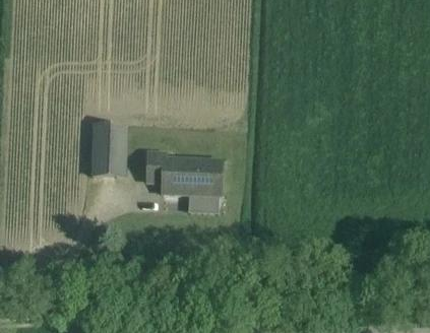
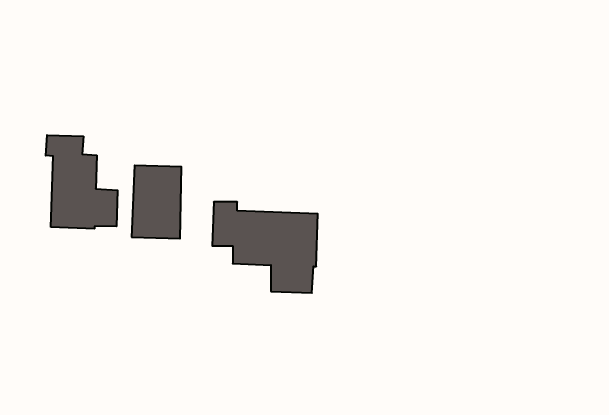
building: none -> [46,135,118,229]

